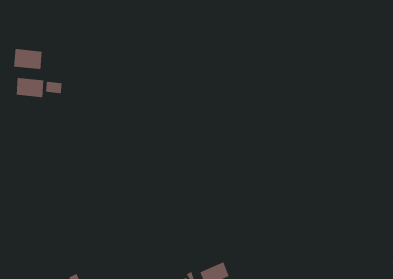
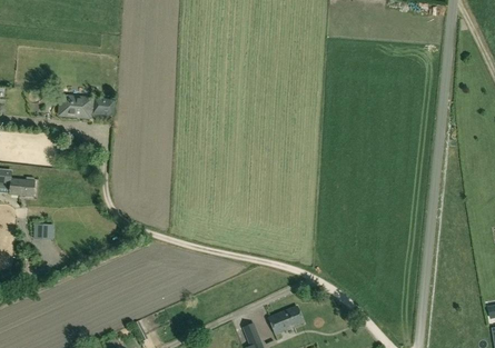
building: [14,48,42,70] -> none

